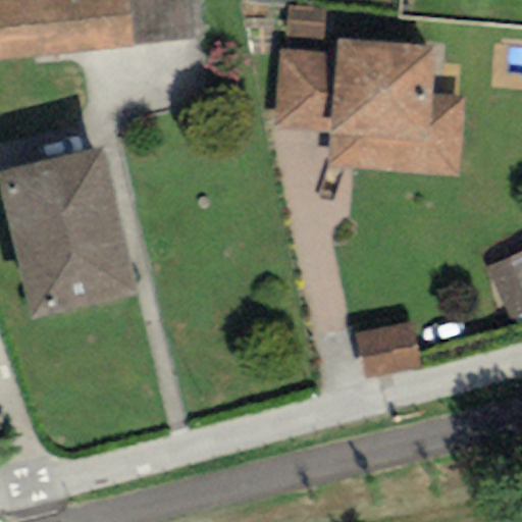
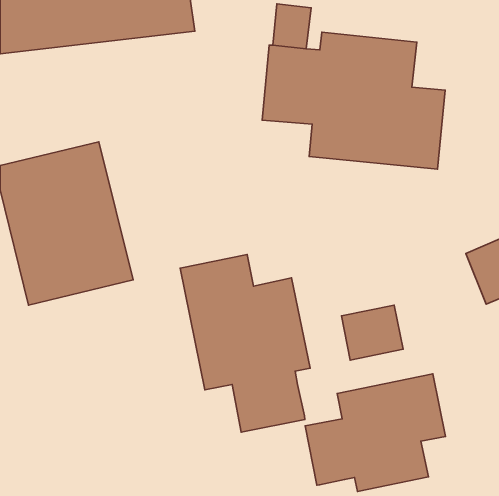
building: none -> [180,254,310,432]
building: none -> [305,374,446,491]

